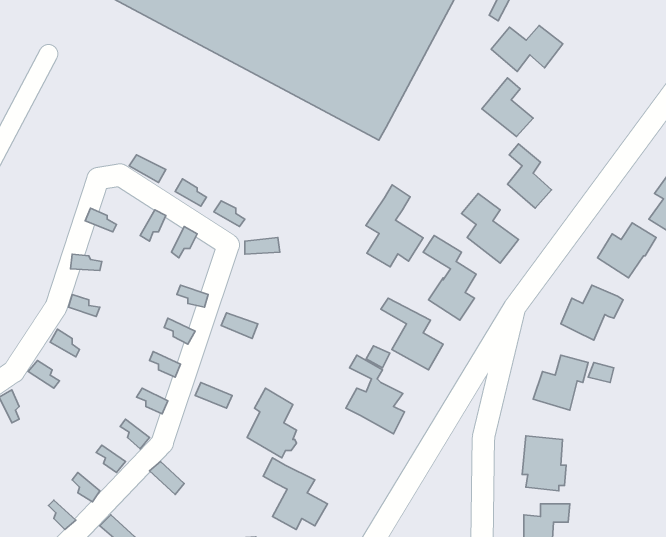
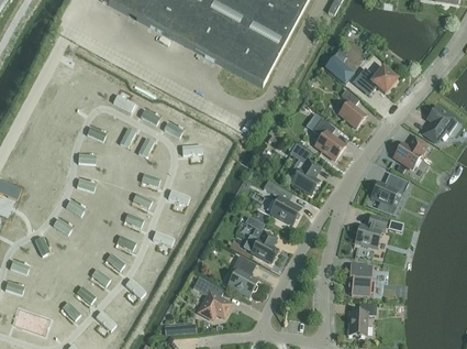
building: [491,25,563,71] -> [353,67,396,95]
building: [366,185,423,267] -> none
building: [247,388,297,458] -> [227,254,257,296]

